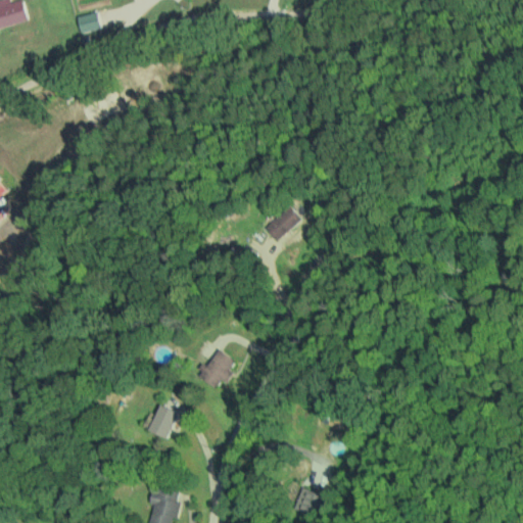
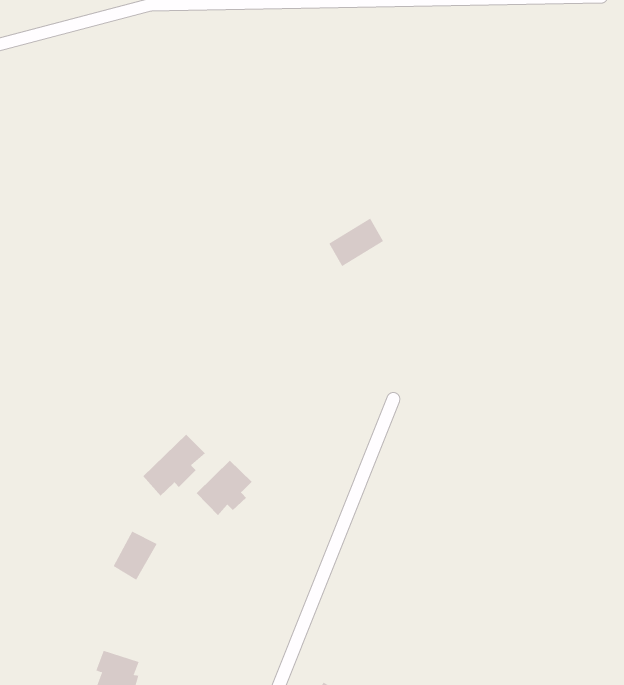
building: [263,205,299,241] -> [329,218,384,267]
building: none -> [143,434,206,496]

